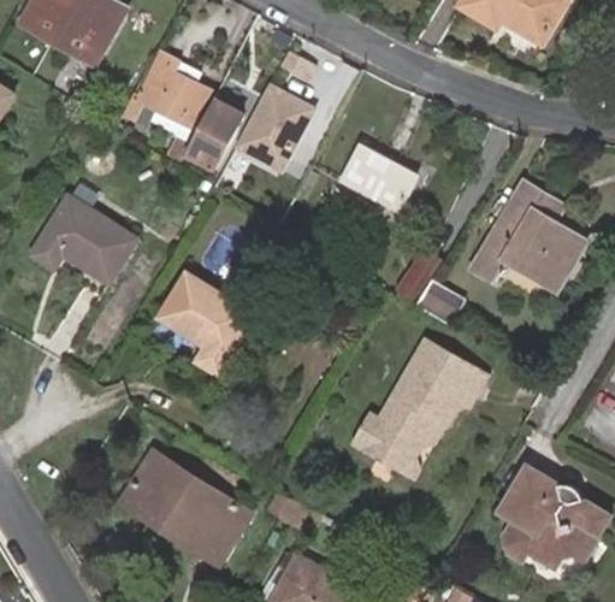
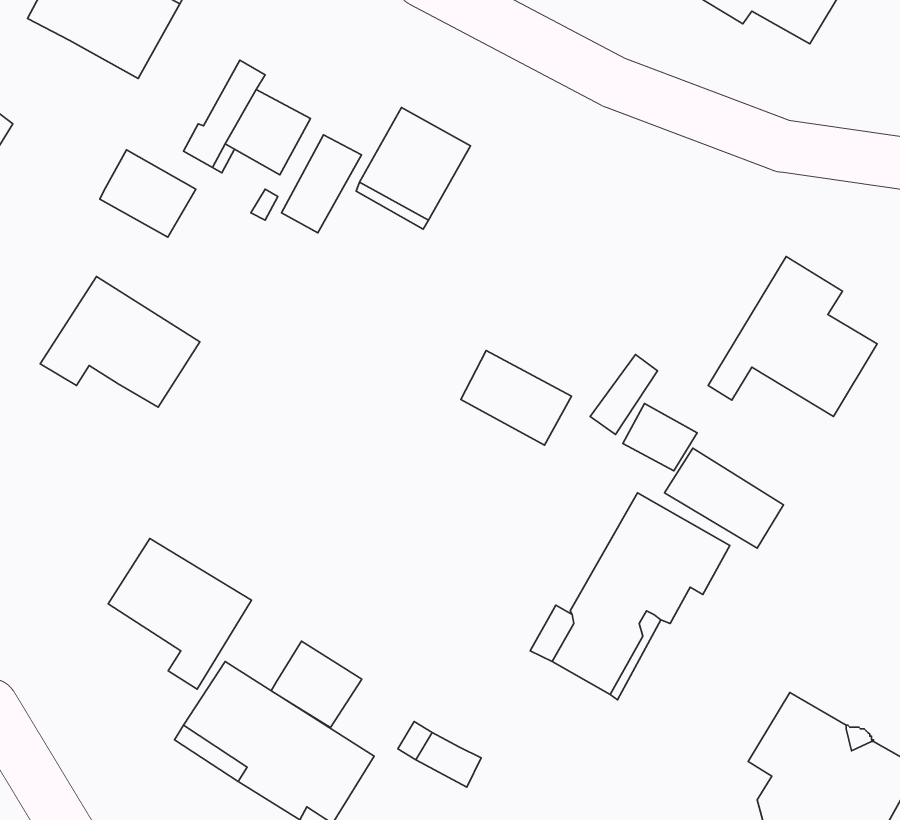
building: none -> [100,150,196,237]
building: [341,146,414,208] -> [461,351,572,445]
building: [158,273,253,373] -> [108,538,252,689]
building: none -> [665,448,783,548]
building: none -> [271,641,362,727]

